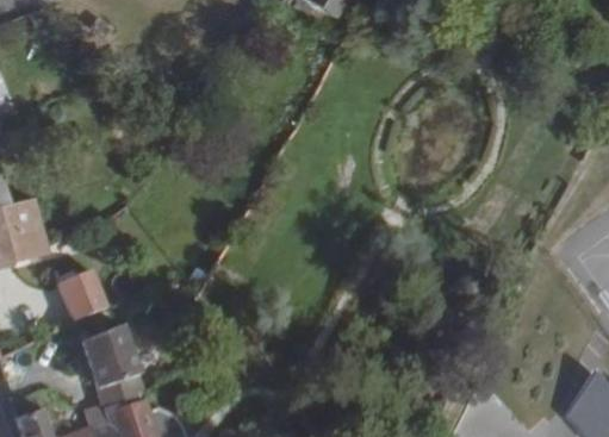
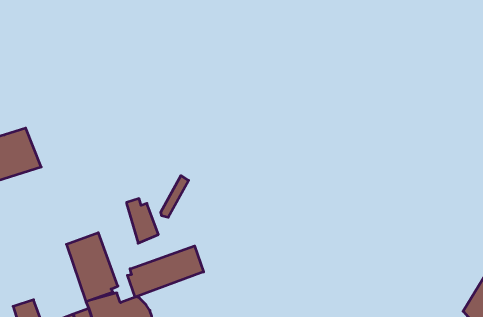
building: [57,268,97,323] -> [127,199,158,243]
building: none -> [127,246,204,297]

